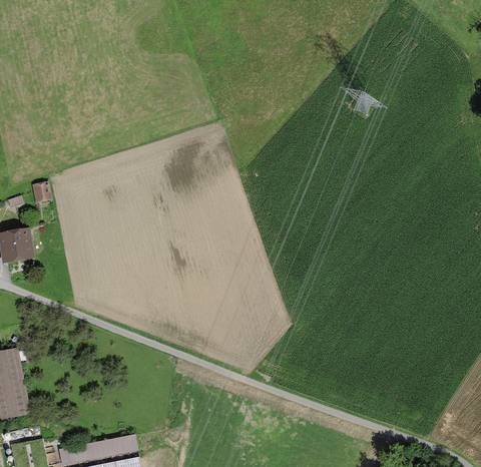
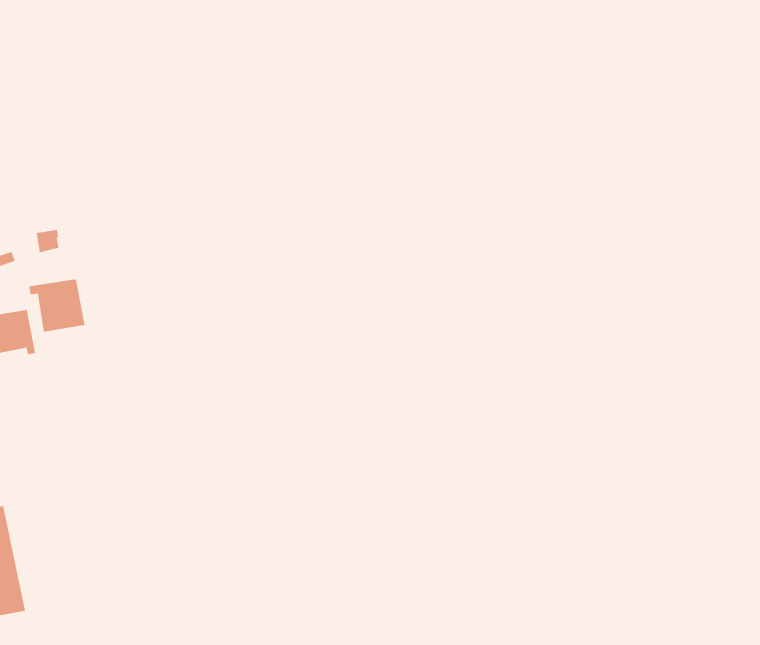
building: none -> [29,279,85,333]

